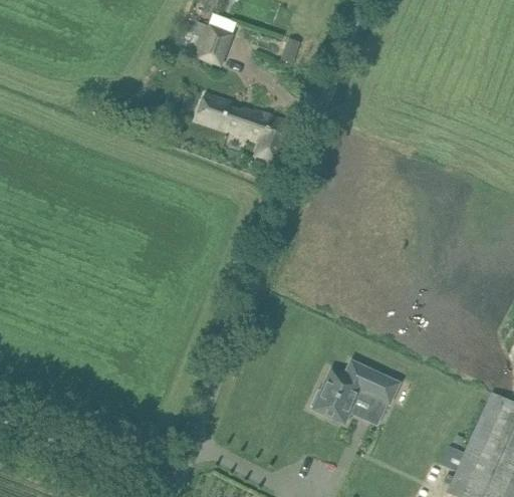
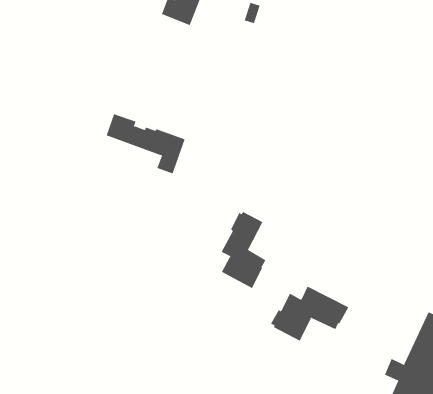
building: [198,92,289,162] -> [106,114,186,174]
building: none -> [221,211,266,289]

